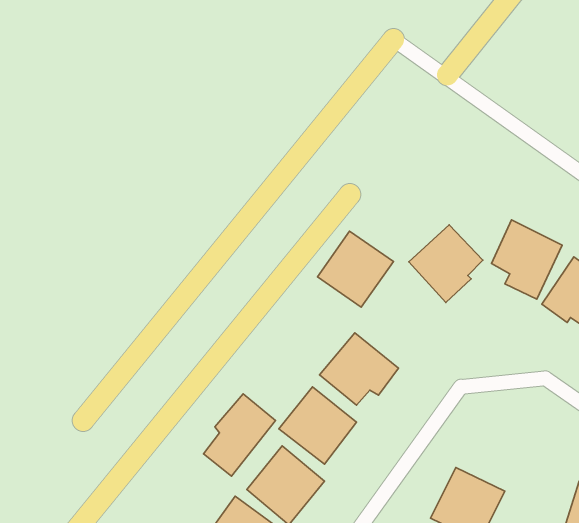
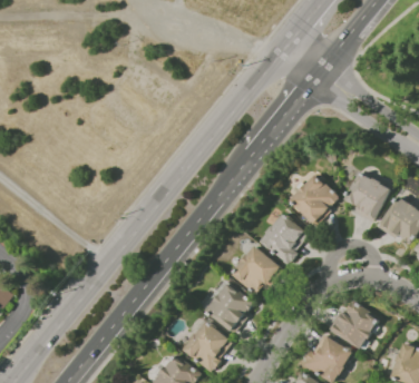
building: [317,231,393,307] -> [259,213,309,263]
building: [203,394,276,476] -> none
building: none -> [328,301,379,348]

